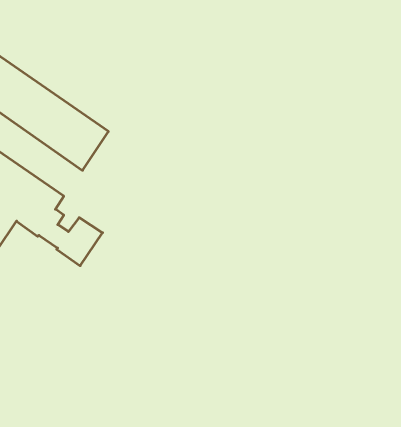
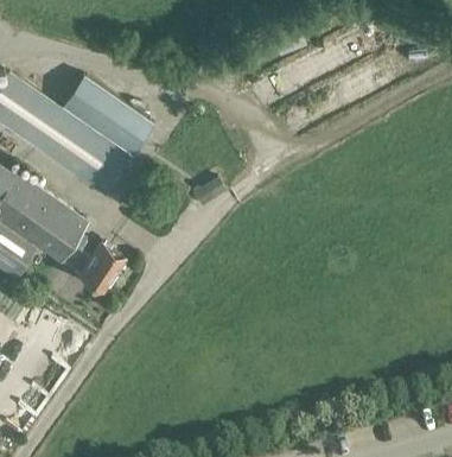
building: none -> [63,72,153,152]

